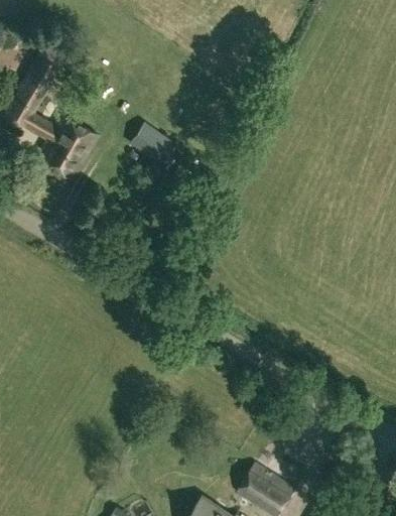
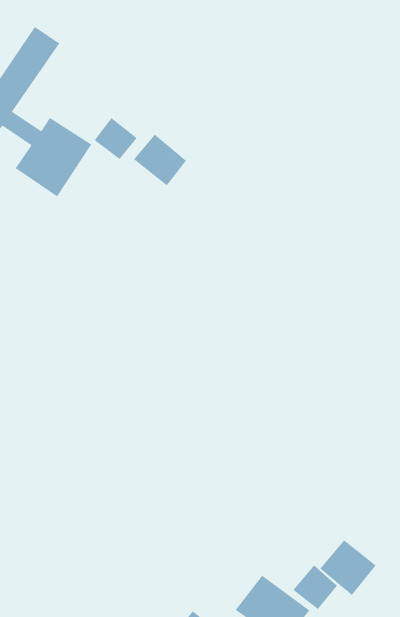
building: none -> [94,117,137,160]
building: none -> [319,540,376,596]

